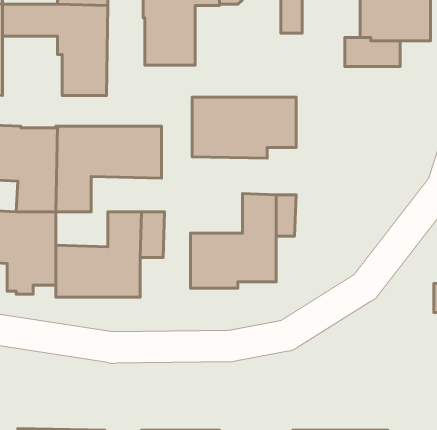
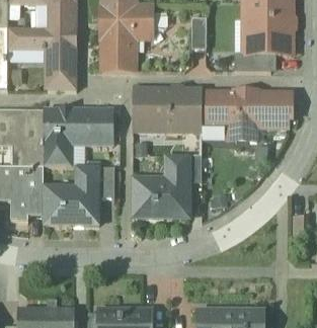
building: none -> [202,90,291,140]

